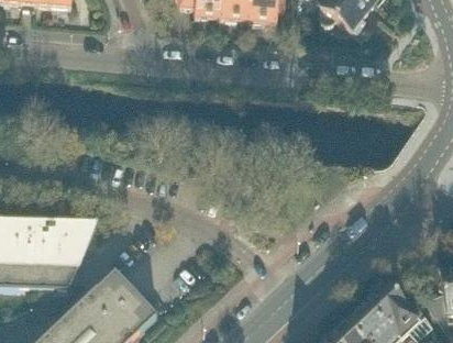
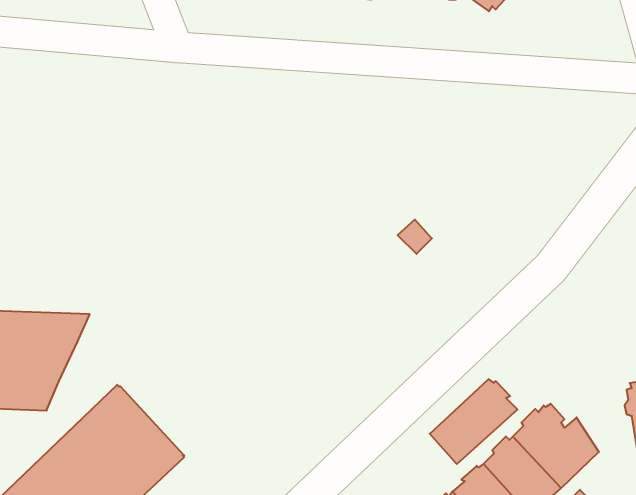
building: none -> [430,379,517,464]

